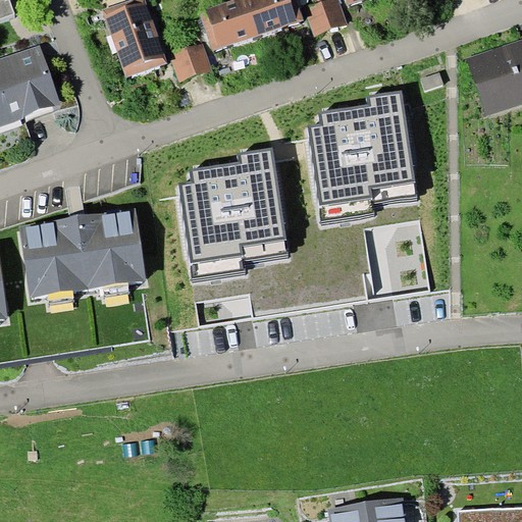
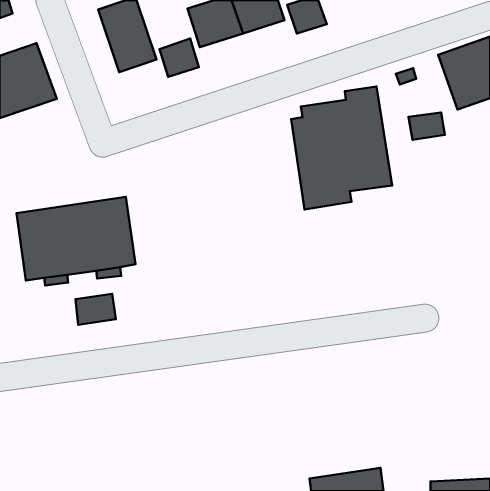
building: none -> [409,112,445,140]
building: [180,149,288,279] -> none
building: none -> [76,294,116,325]

